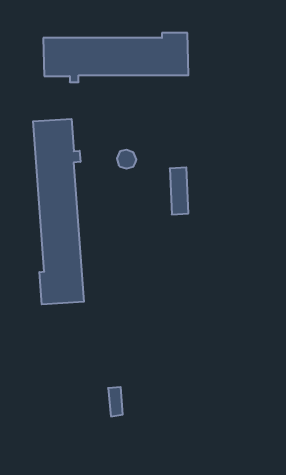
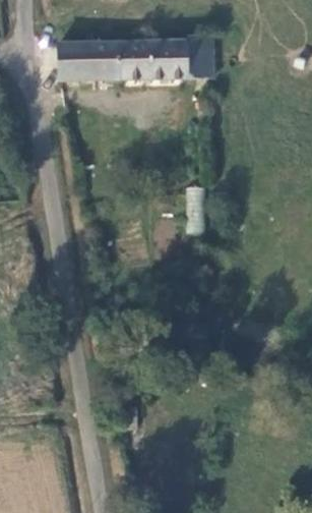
building: [33,119,84,304] -> none

